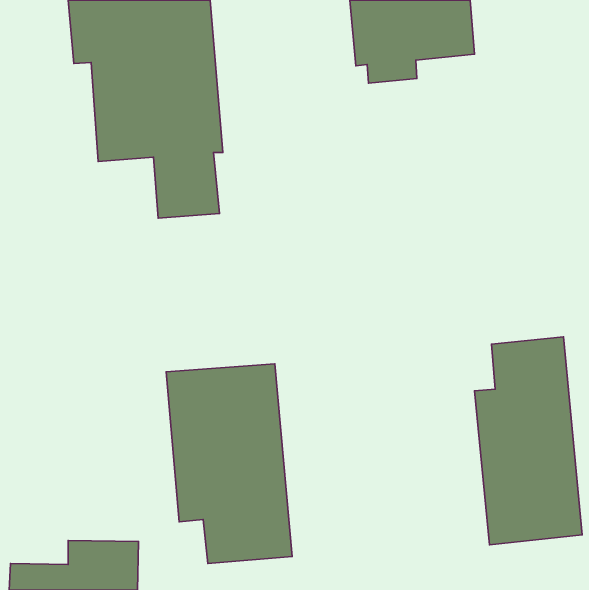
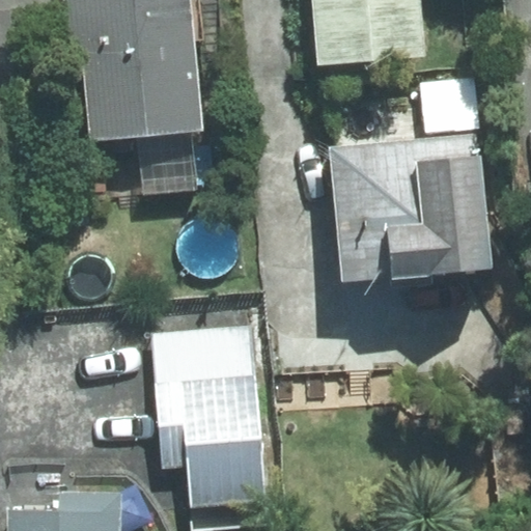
building: none -> [336,136,497,281]
building: [474,337,582,545] -> none

